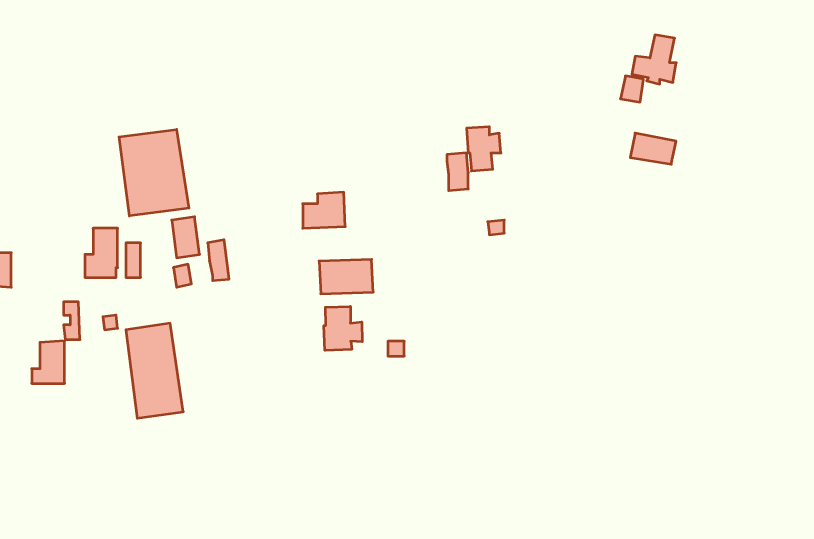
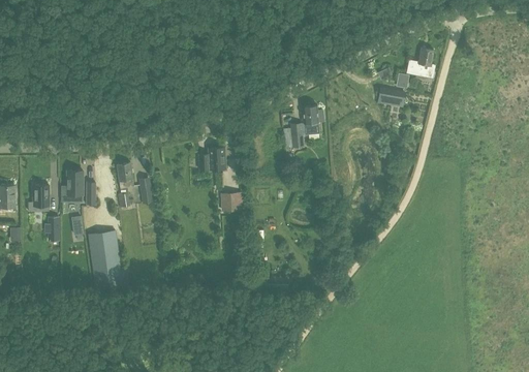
building: [119,129,189,216] -> none
building: [630,133,676,164] -> [376,87,405,106]
building: [324,306,362,350] -> none
building: [32,341,65,383] -> [27,183,48,210]

